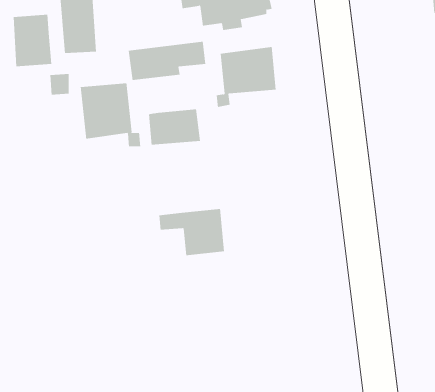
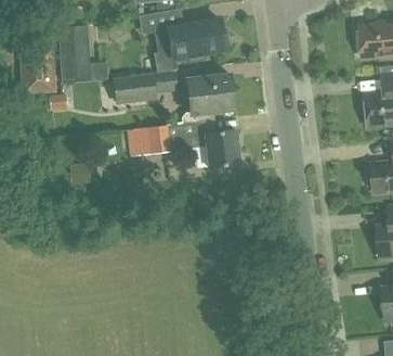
building: [80,82,141,147] -> none
building: [158,208,225,256] -> [185,129,238,167]

